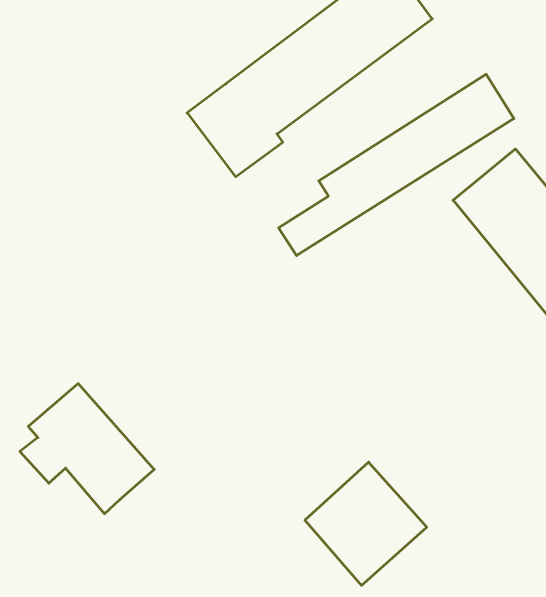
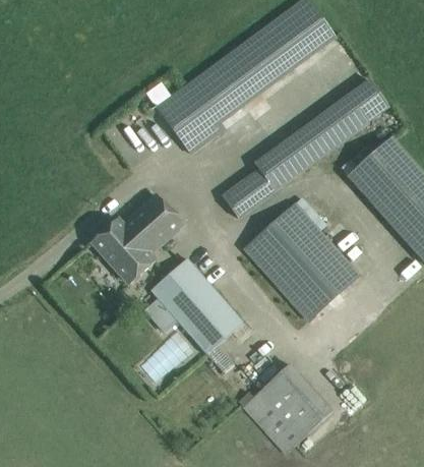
building: none -> [92,194,181,282]
building: none -> [242,201,359,323]
building: [20,384,154,514] -> [144,258,243,354]

